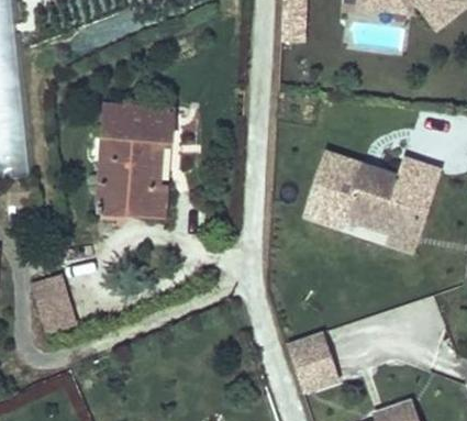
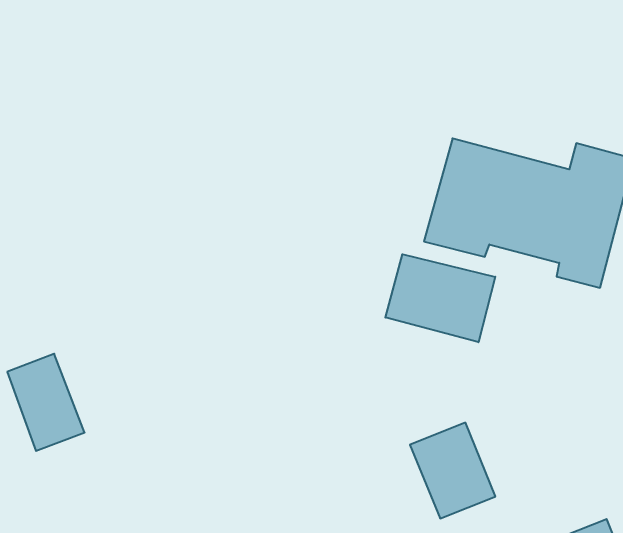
building: [96,111,170,225] -> none
building: none -> [385,254,495,342]

